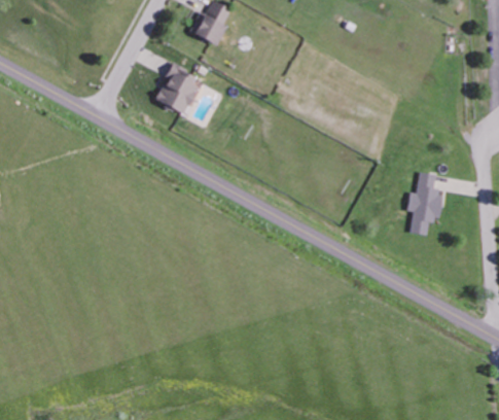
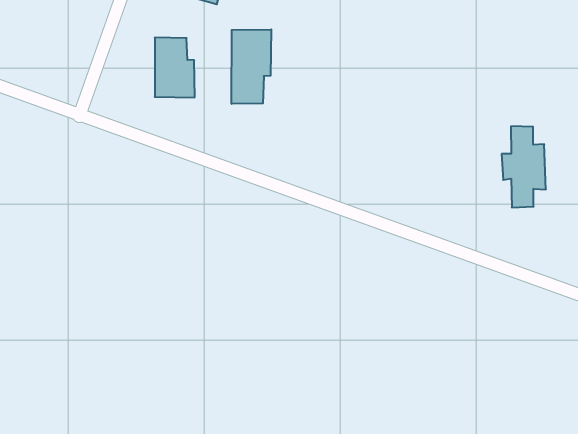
building: none -> [232,29,271,104]

